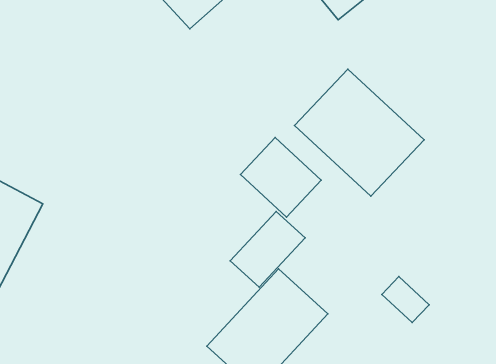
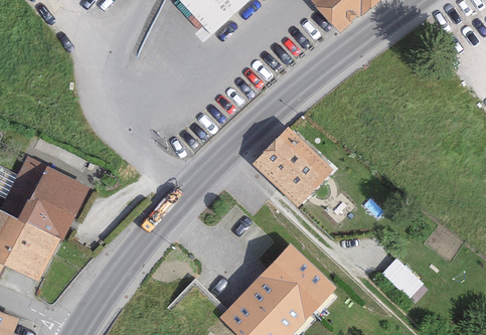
building: [295,69,424,196] -> none
building: [230,211,305,287] -> none

